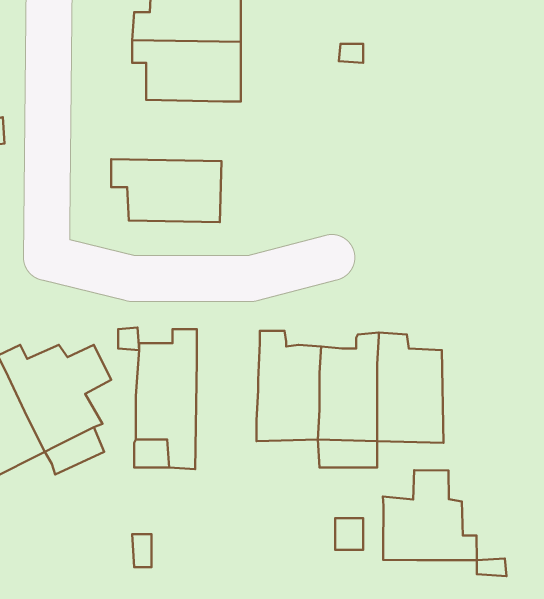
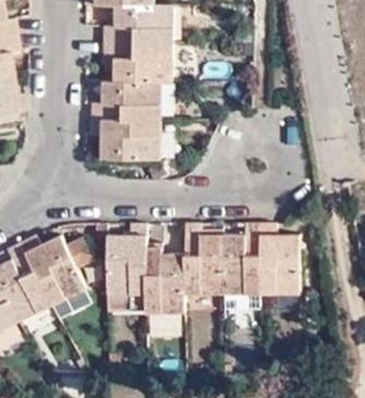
building: none -> [92,82,161,120]
building: none -> [144,244,183,312]
building: [383,470,477,560] -> none

